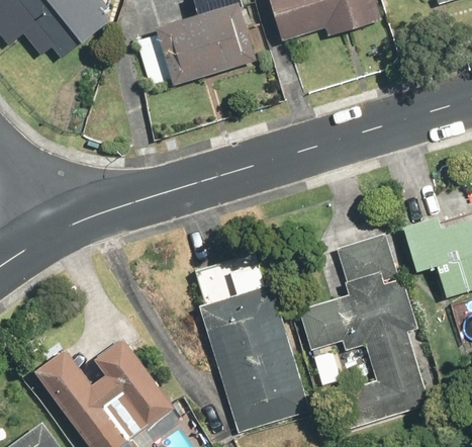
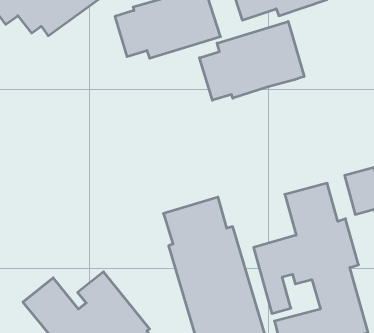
building: none -> [199,21,304,100]

